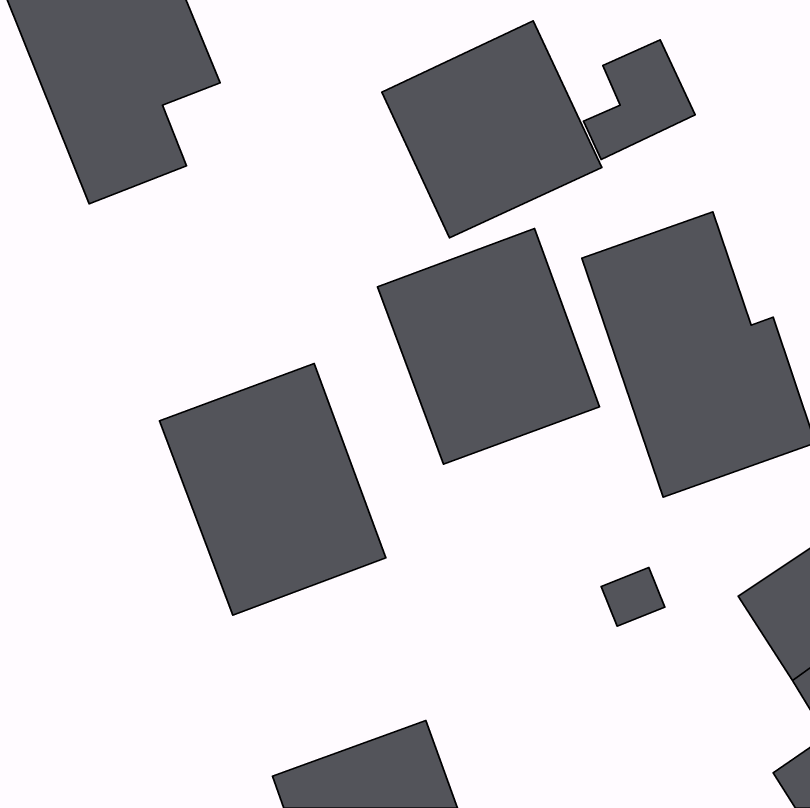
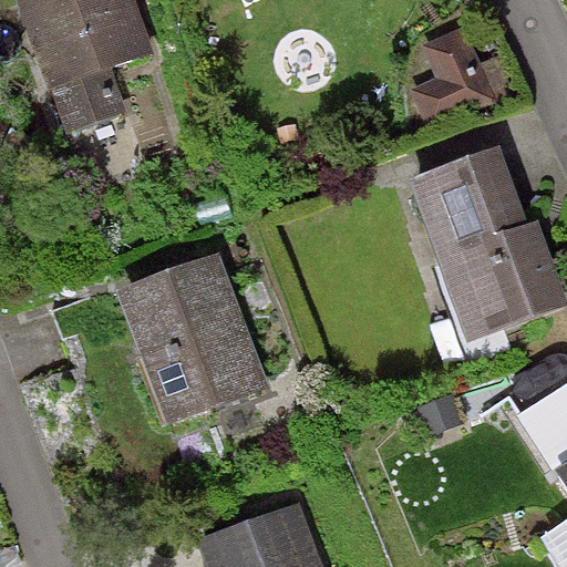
building: [382,21,602,238] -> none
building: [377,228,600,464] -> none

